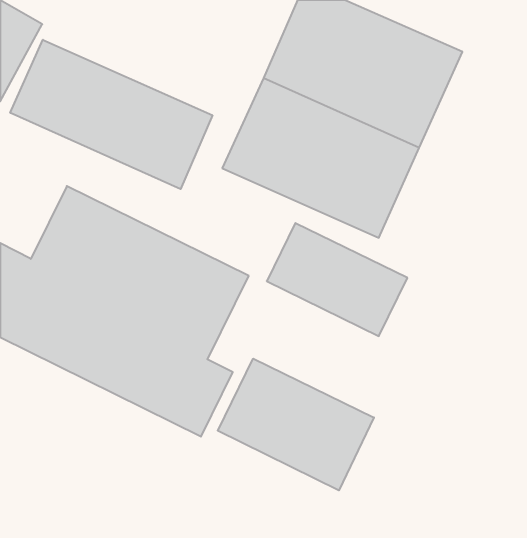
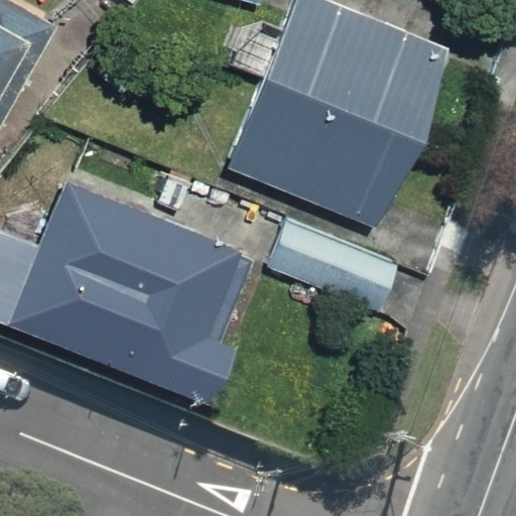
building: [10,40,212,189] -> none
building: [218,359,374,490] -> none

